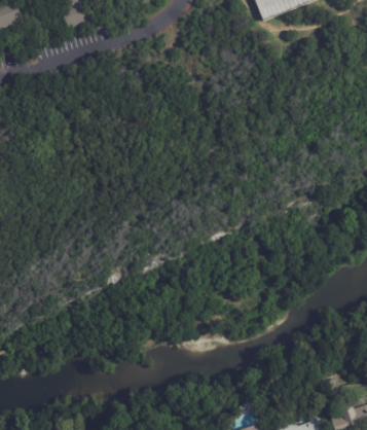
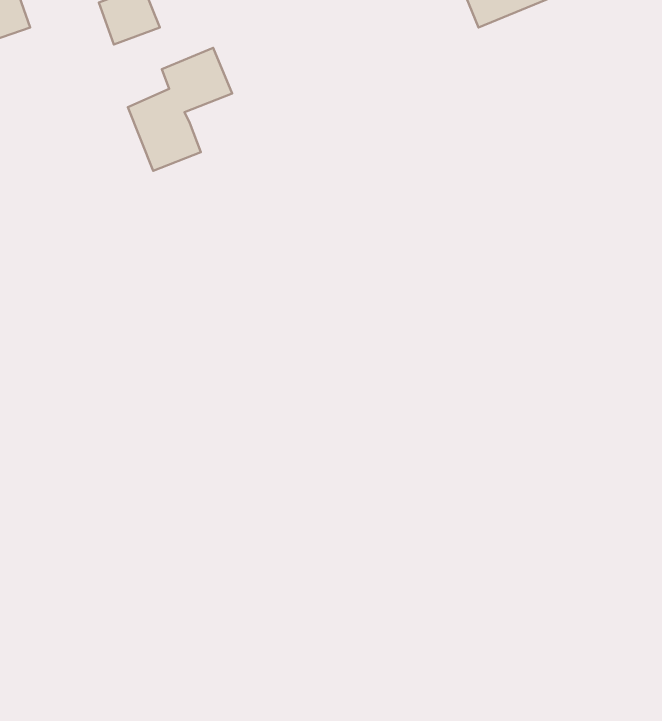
building: none -> [128,48,232,171]

